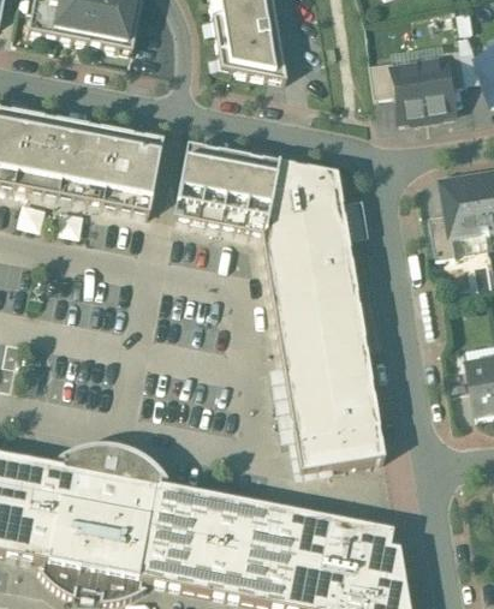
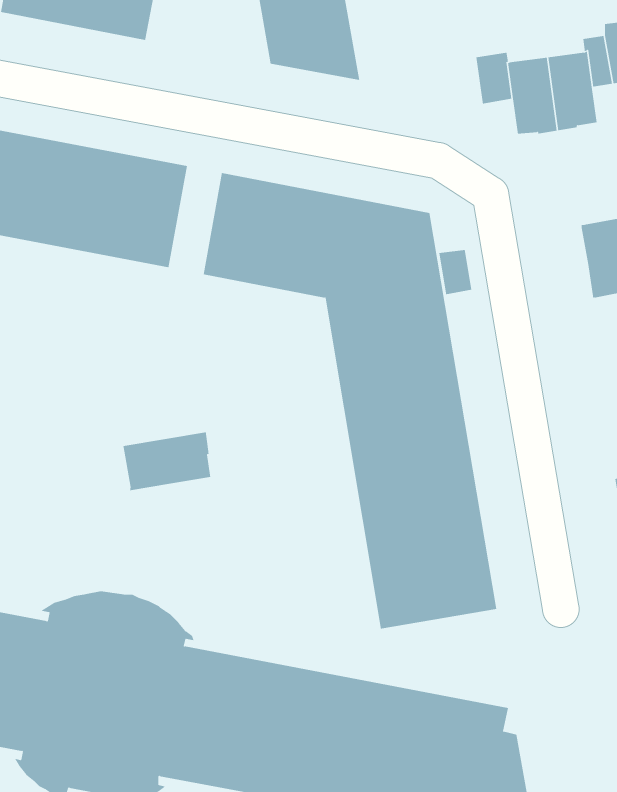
building: [433,210,458,256] -> none
building: none -> [123,431,211,491]

